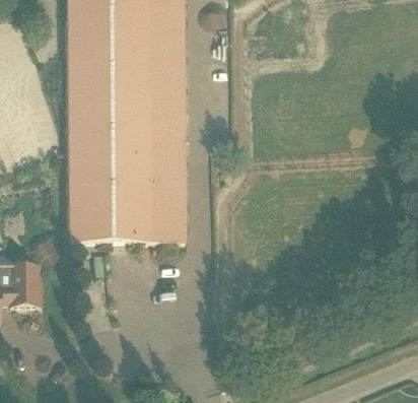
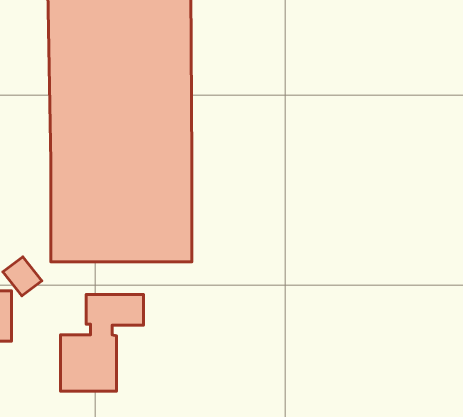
building: none -> [61,294,143,391]

